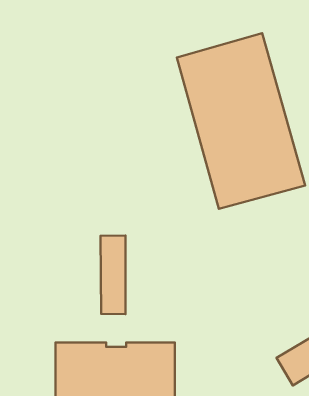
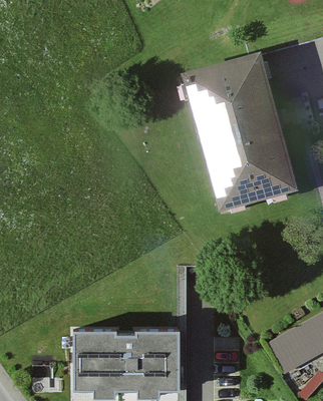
building: [101,236,125,314] -> none

